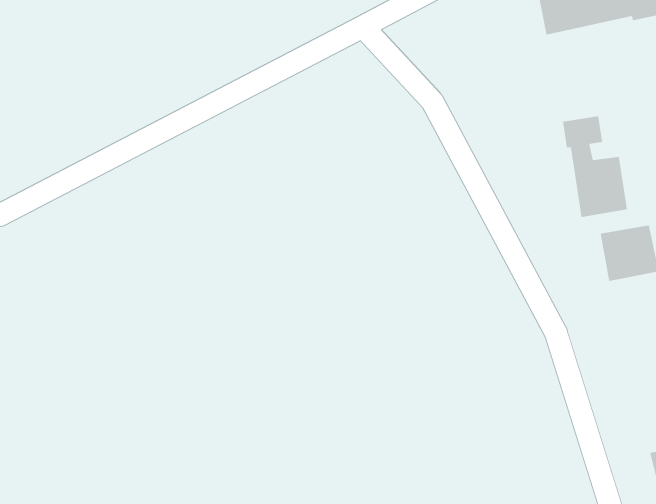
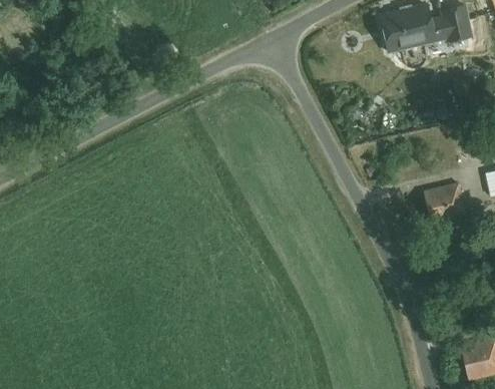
building: [563,116,627,218] -> none

